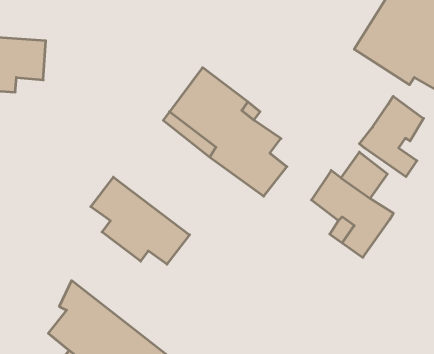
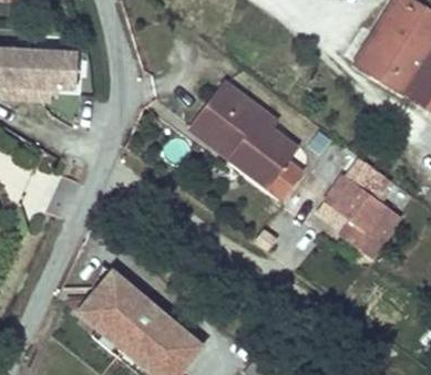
building: [359,96,424,177] -> none
building: [91,177,190,264] -> none

